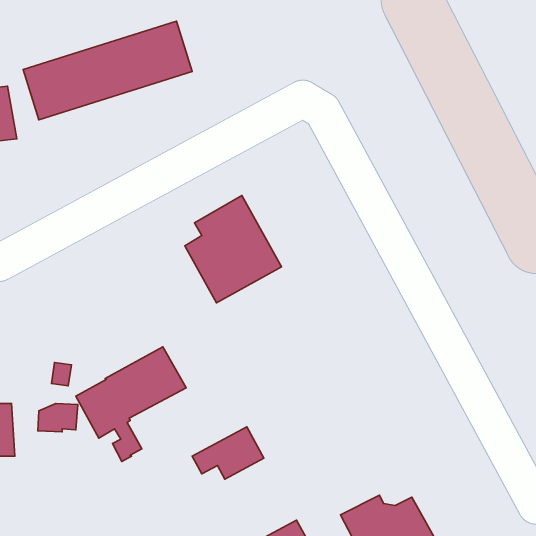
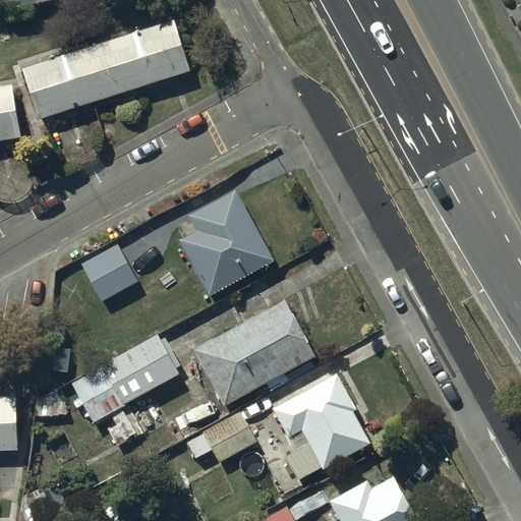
building: none -> [80,242,137,301]
building: none -> [197,303,314,403]
building: none -> [272,372,371,479]

